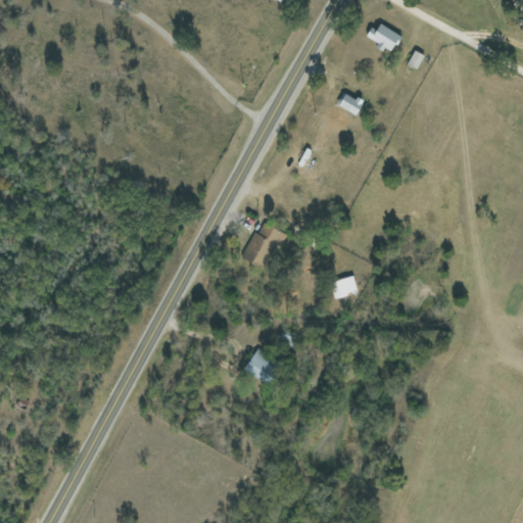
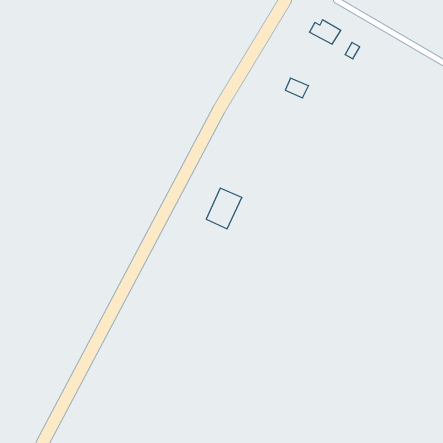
building: [331,277,358,298] -> none
building: [244,349,281,385] -> none

